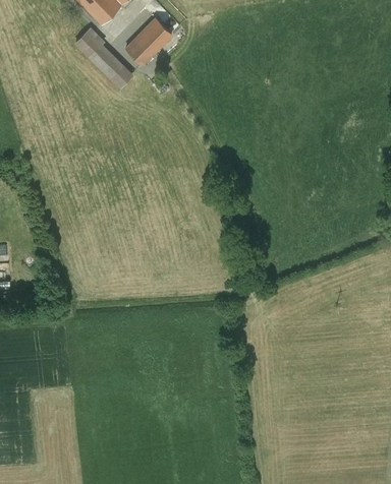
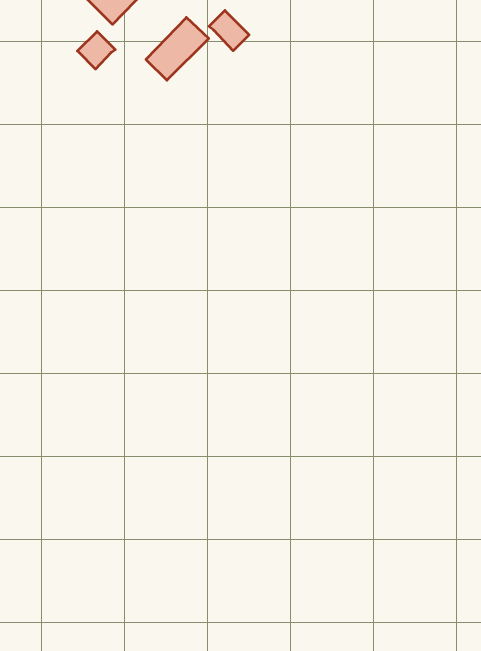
building: none -> [209,10,249,51]
building: [90,45,123,78] -> none

